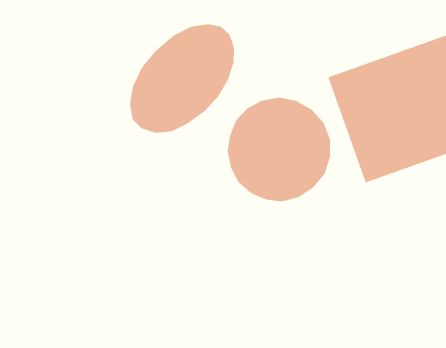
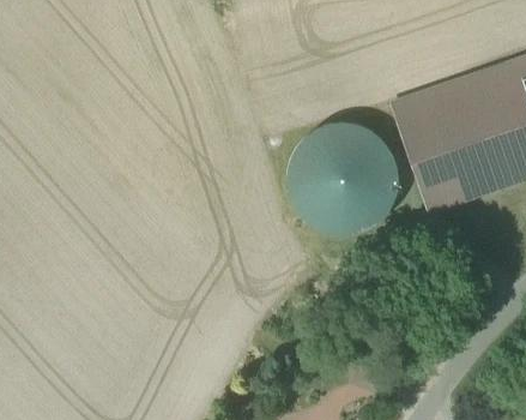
building: [130,23,234,133] -> none

